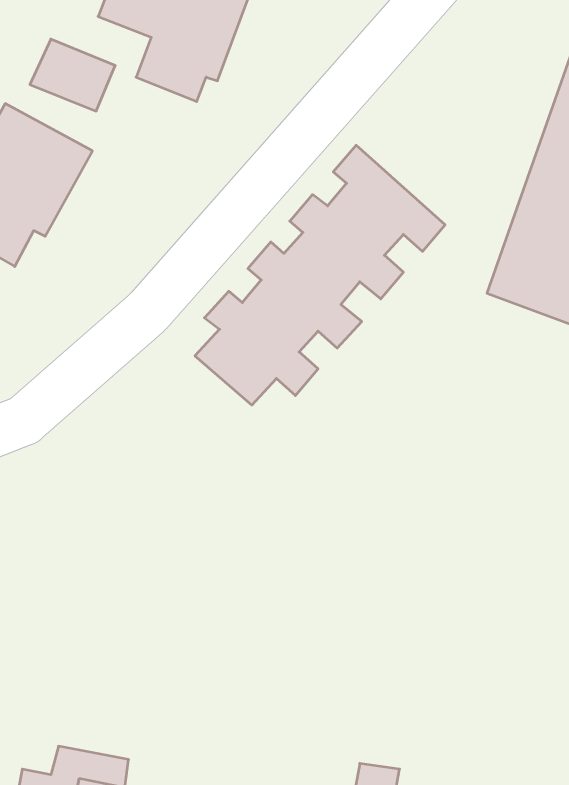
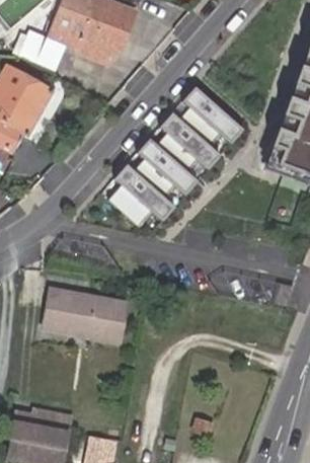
building: none -> [47,289,128,340]

